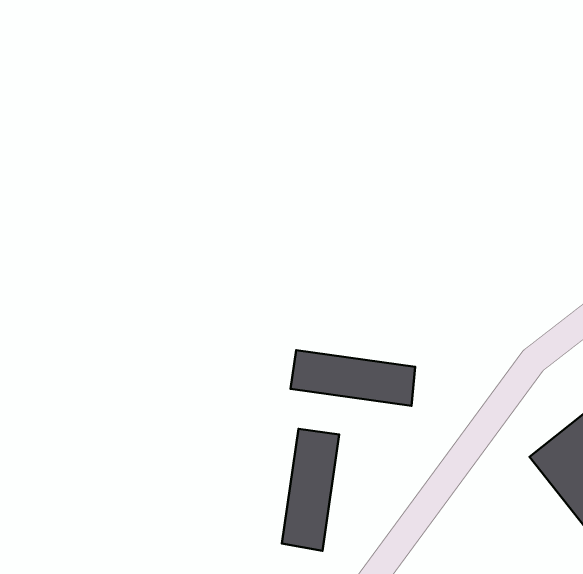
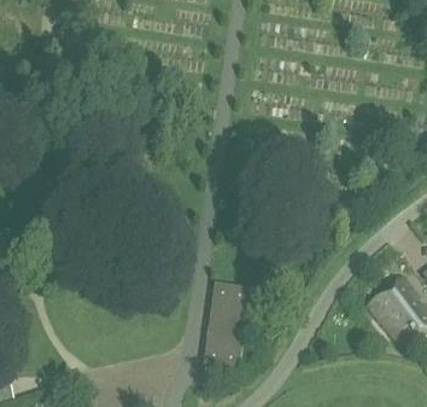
building: [291,350,415,406] -> none

